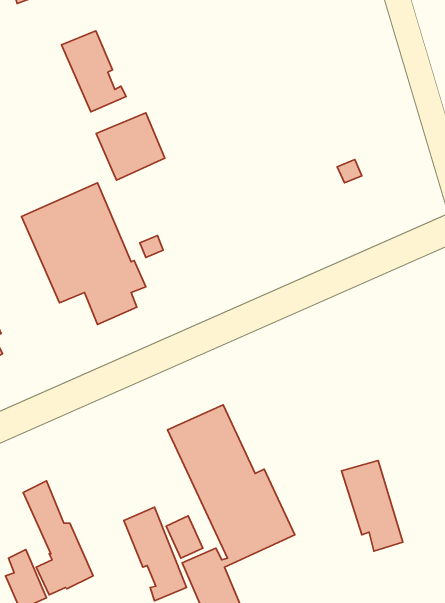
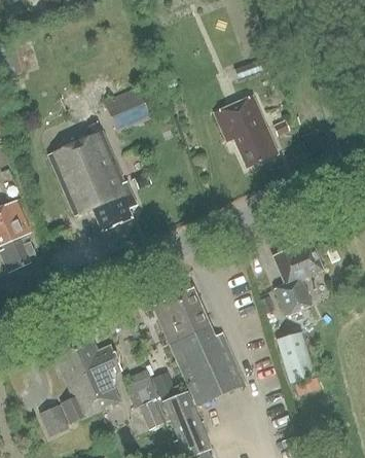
building: [61,31,126,112] -> none
building: none -> [213,95,277,167]
building: none -> [272,242,320,320]
building: none -> [67,336,120,412]

